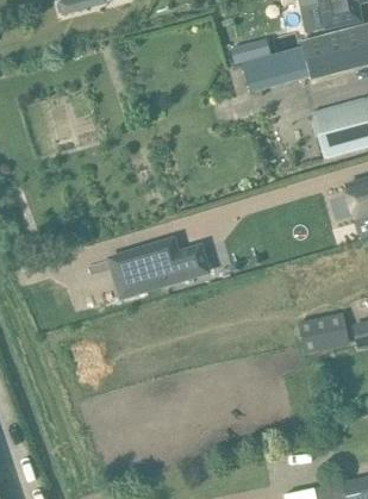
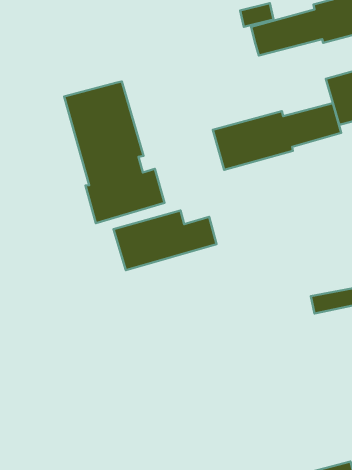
building: none -> [64,81,165,223]
building: none -> [213,103,341,170]

